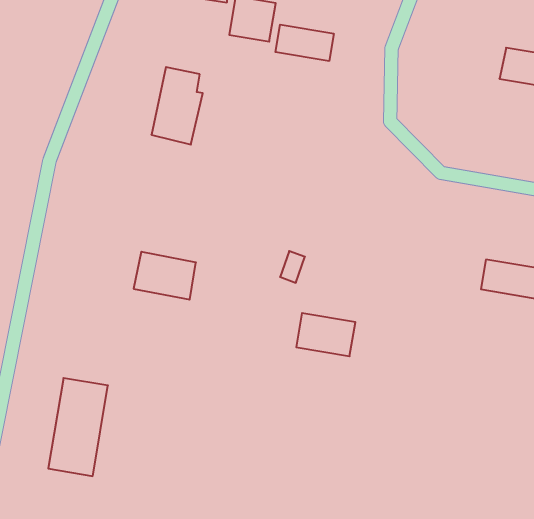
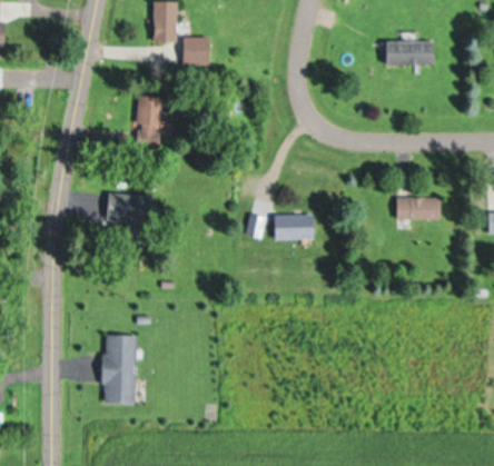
building: [275,25,334,61] -> none
building: [134,252,196,300] -> [106,194,148,222]
building: [296,313,355,356] -> [274,215,314,240]

